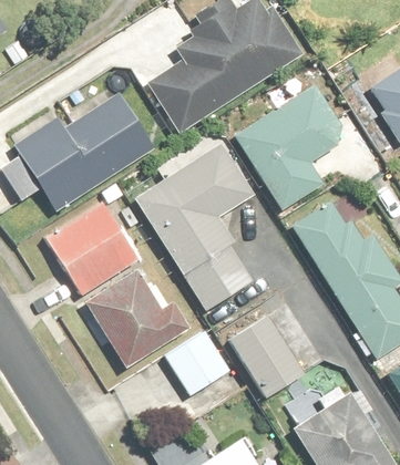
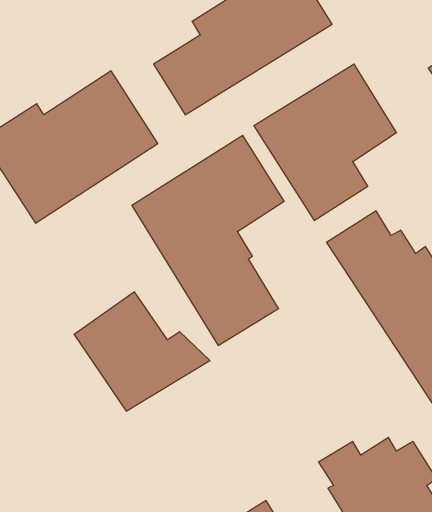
building: [44,198,141,294] -> none
building: [227,313,305,400] -> none
building: [164,331,229,396] -> none

